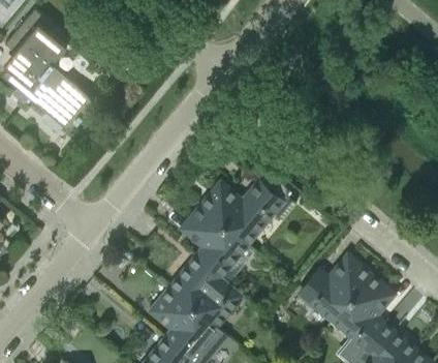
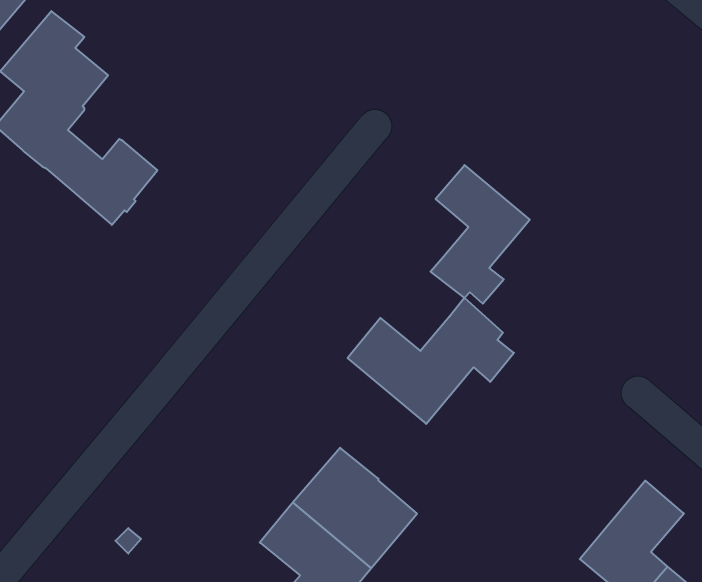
building: none -> [430,165,530,304]
building: [182,207,245,275] -> none
building: [300,258,369,321] -> none

